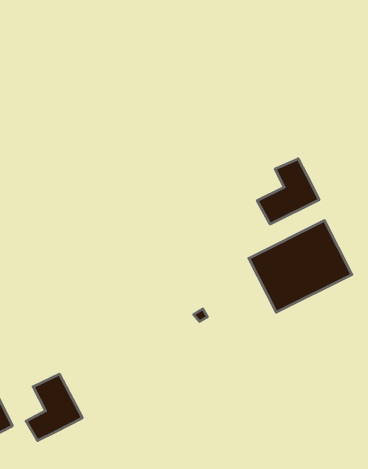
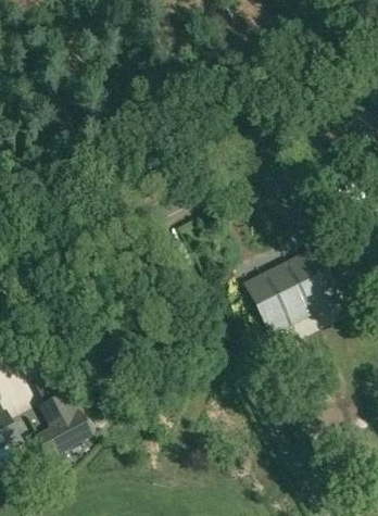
building: [257,159,319,224] -> none

